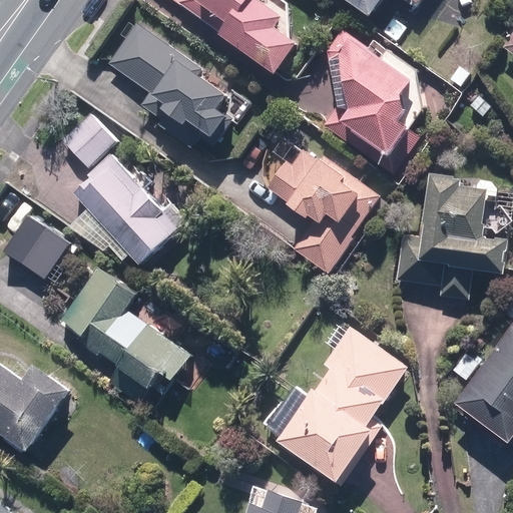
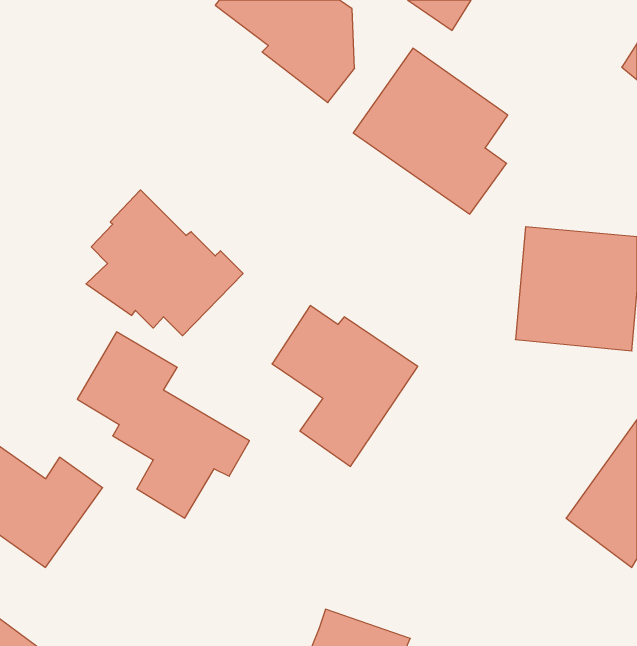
building: [108,23,253,145] -> none
building: [61,112,118,169] -> none
building: [269,147,384,275] -> [272,306,418,466]
building: [5,213,73,281] -> none
building: [269,323,413,481] -> none

